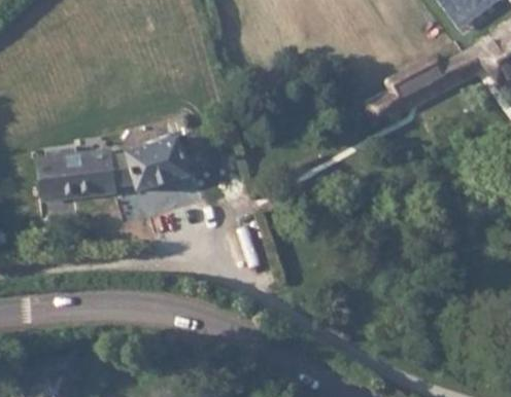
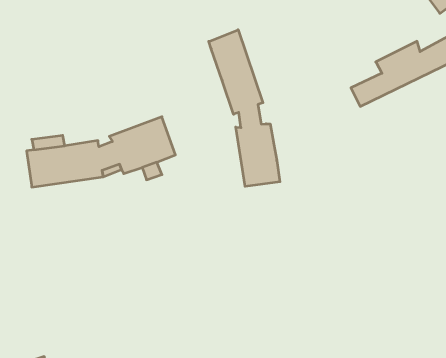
building: none -> [209,30,280,186]

